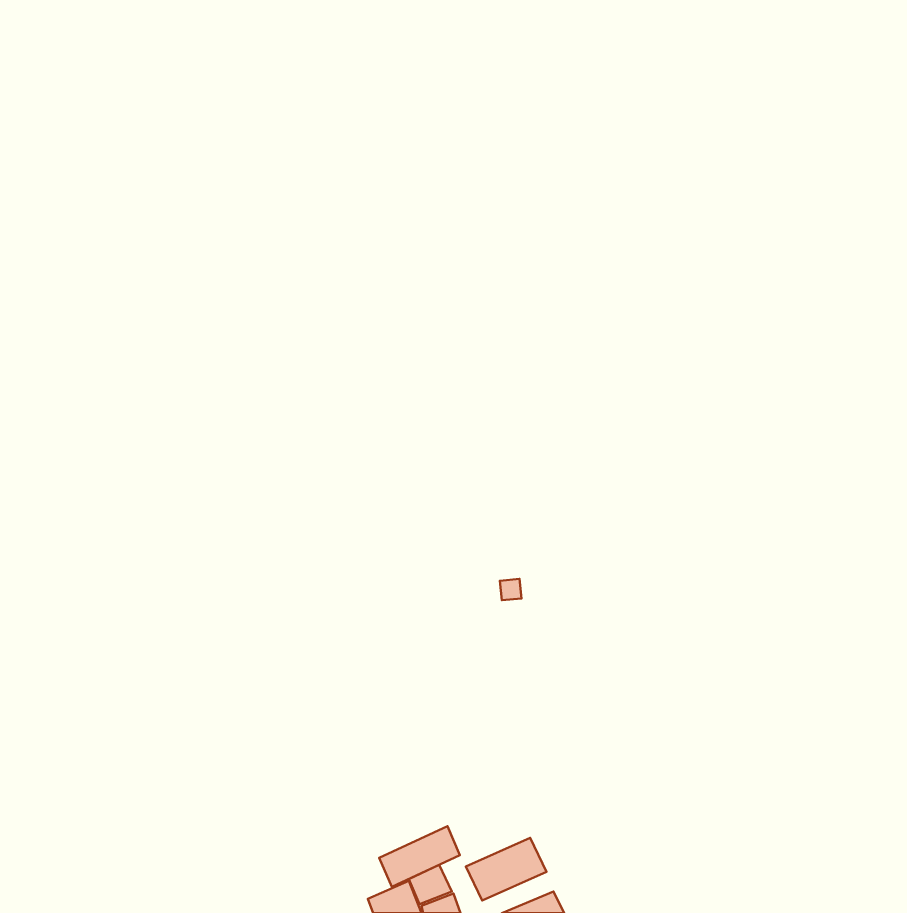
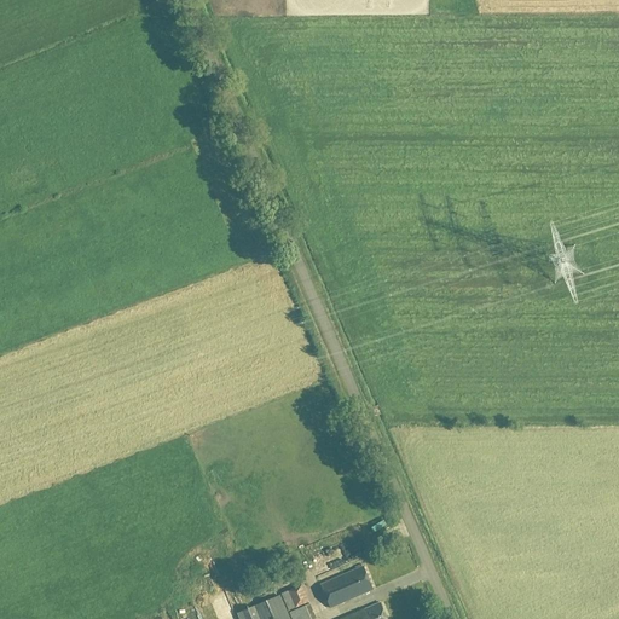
building: [379,826,460,887] -> none

